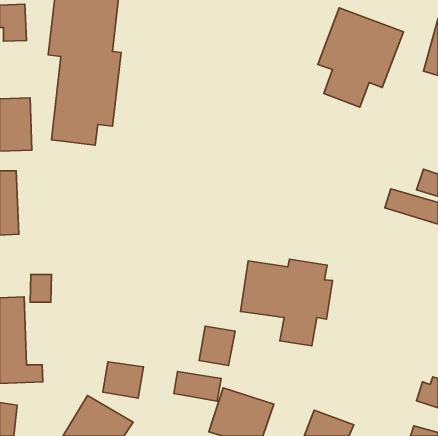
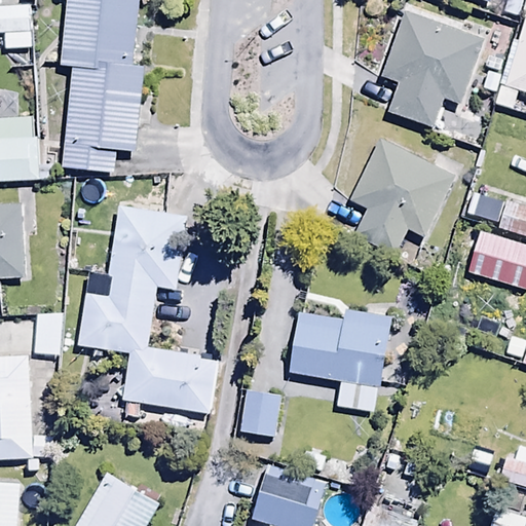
building: none -> [350,138,455,255]
building: none -> [76,204,219,413]
building: [103,362,144,398] -> none
building: [174,371,221,401] -> none

